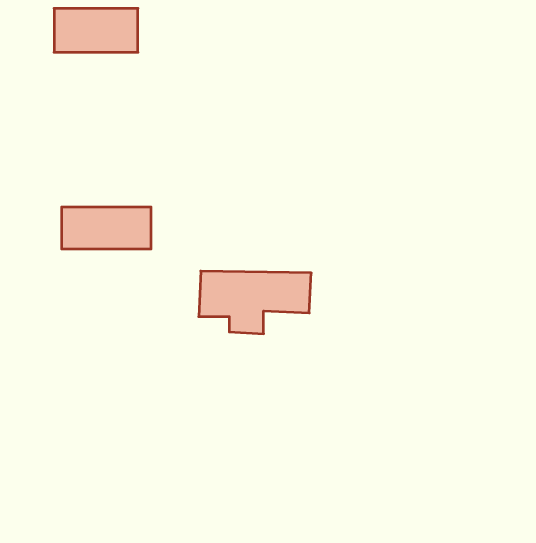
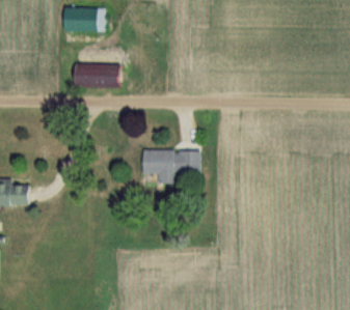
building: [62,207,151,249] -> [69,63,117,86]

